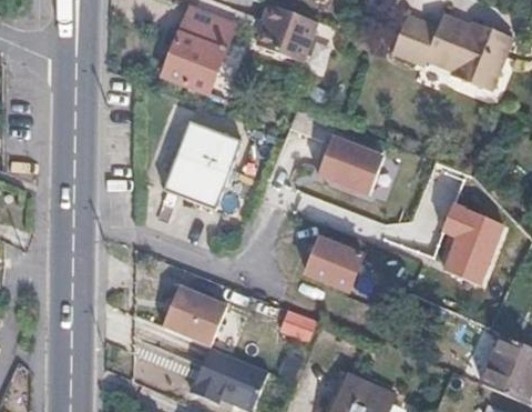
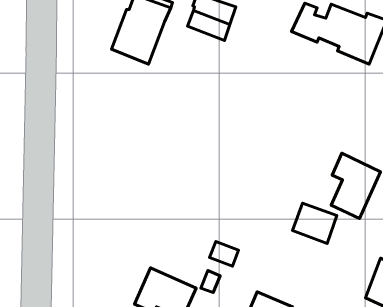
building: [161,121,239,209] -> none
building: [315,135,381,194] -> none
building: [307,241,362,292] -> [293,203,337,244]
building: [163,287,228,348] -> none

